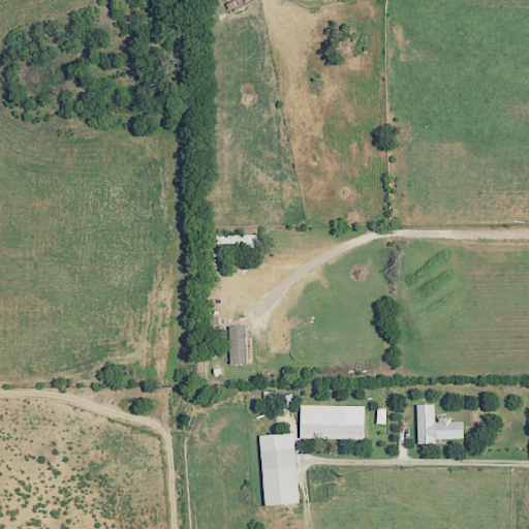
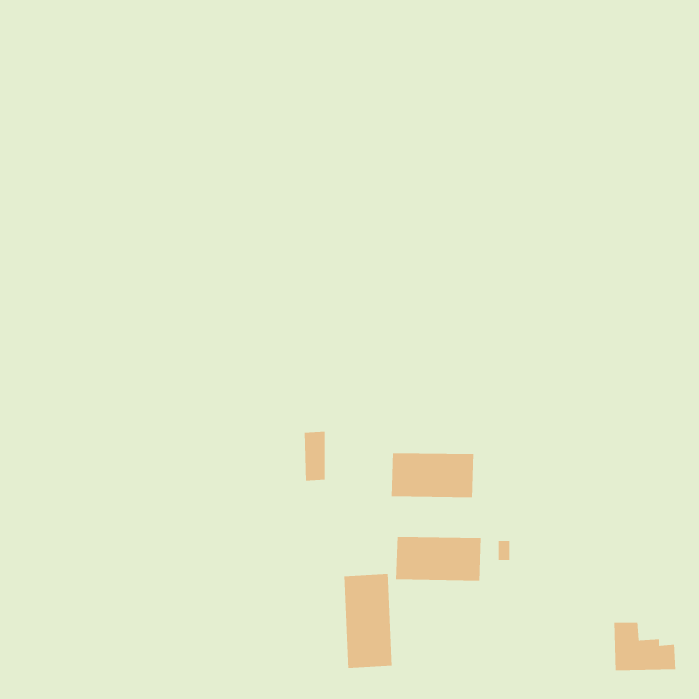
building: none -> [391,452,474,498]
building: [415,404,463,441] -> [613,622,676,671]

